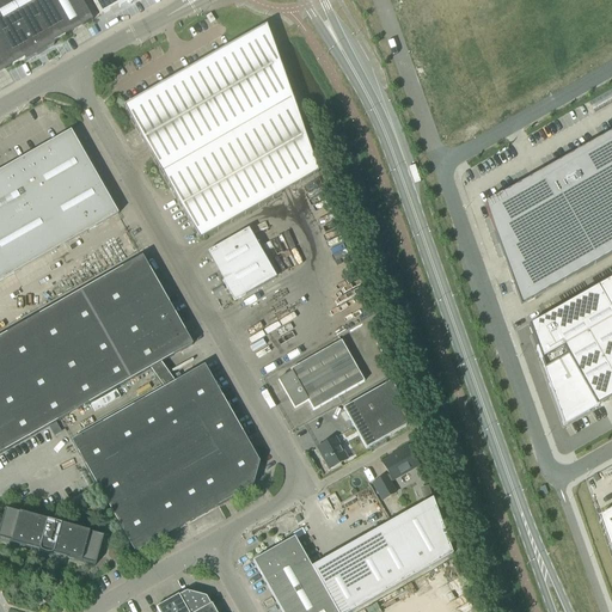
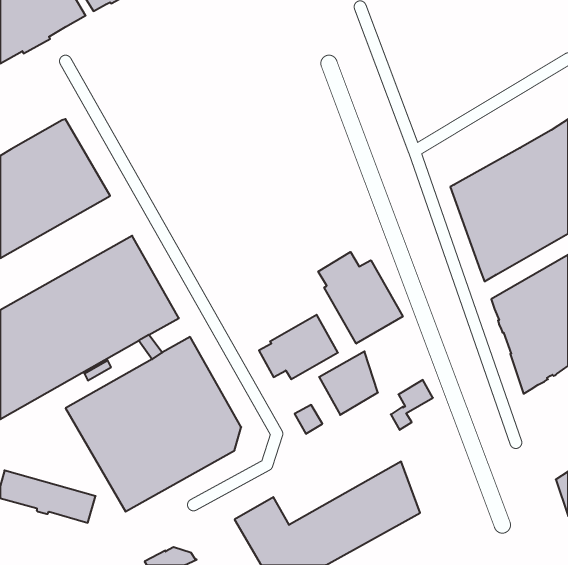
building: [123,23,318,238] -> none
building: [207,226,276,299] -> none
building: none -> [318,252,403,344]
building: [373,443,418,497] -> [391,380,433,430]

